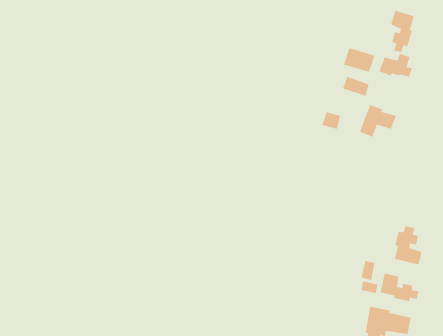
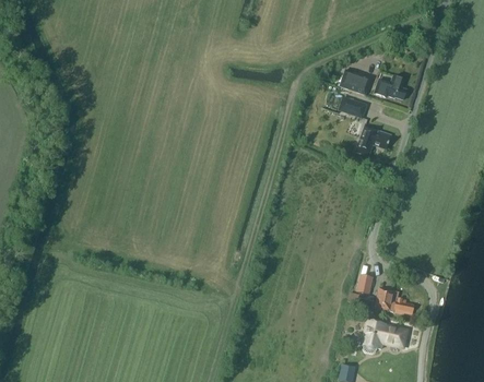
building: [391,10,415,53] -> none
building: [395,226,422,265] -> none

